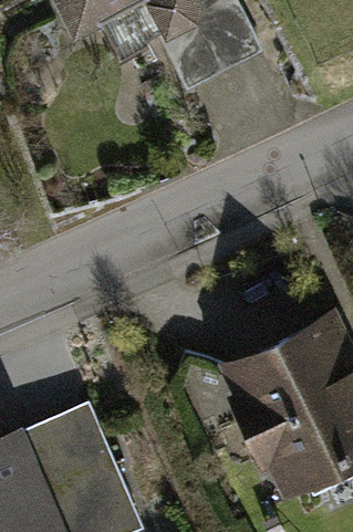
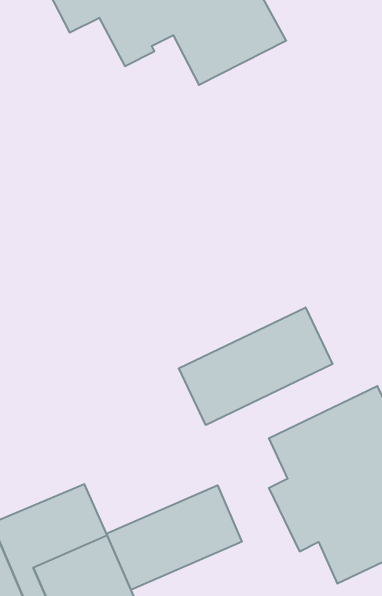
building: none -> [179,307,333,425]
building: none -> [107,485,242,590]

